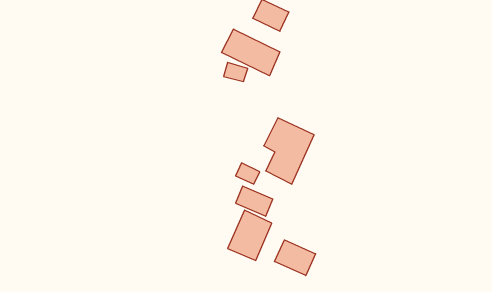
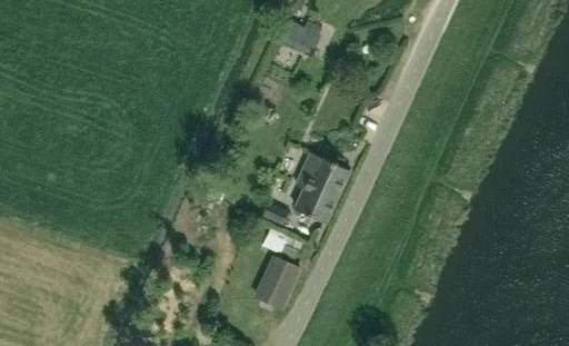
building: [222,29,280,76] -> none
building: [275,240,316,276] -> none

